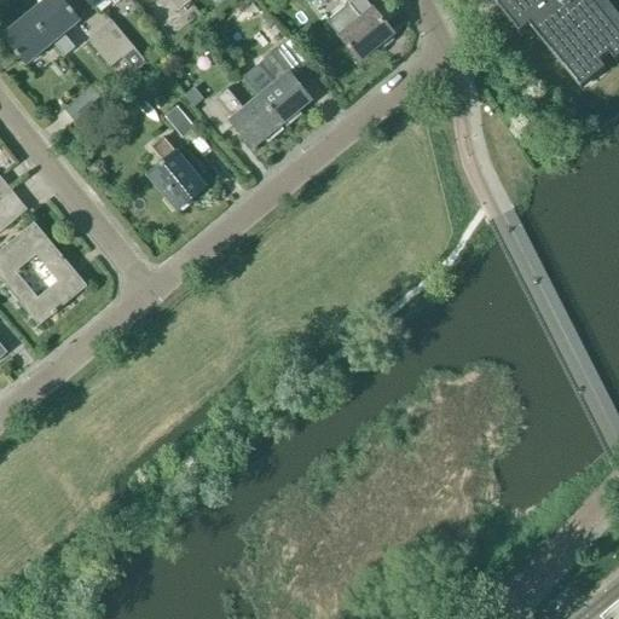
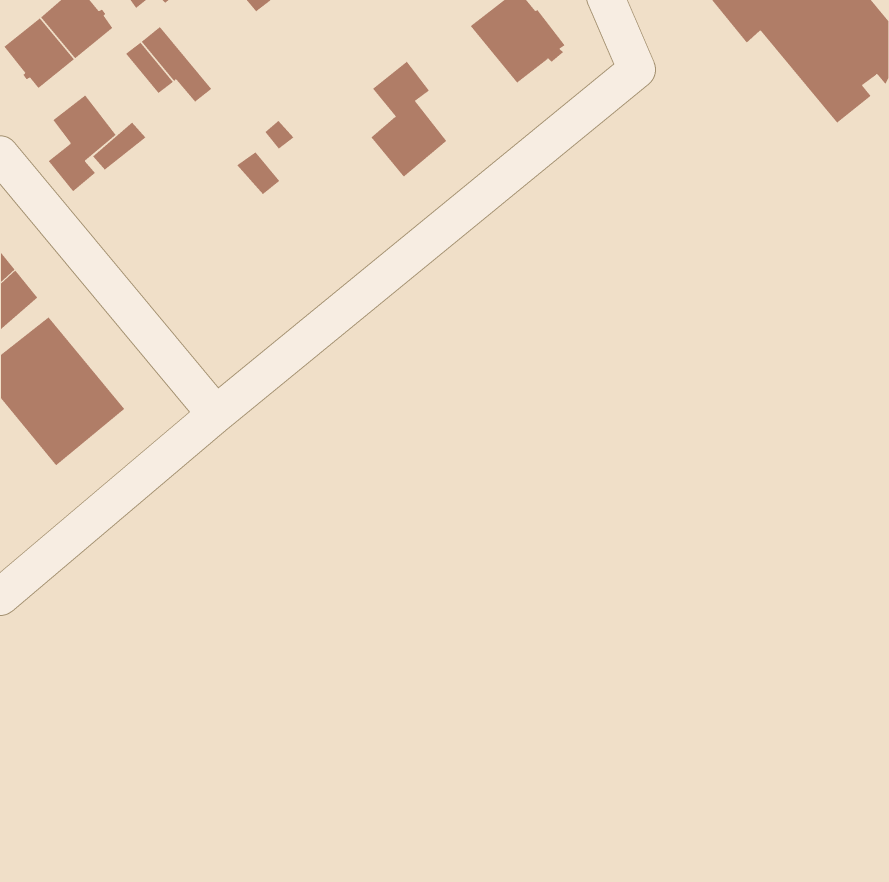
building: none -> [48,95,117,192]
building: [203,88,280,146] -> none
building: [149,134,206,209] -> none

